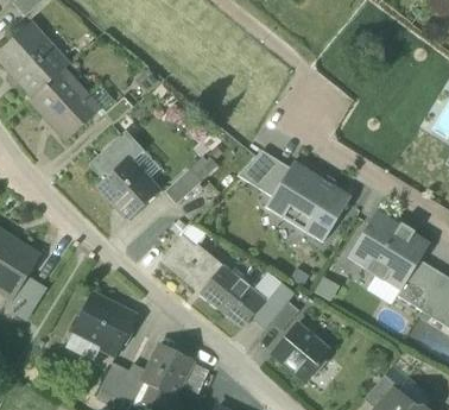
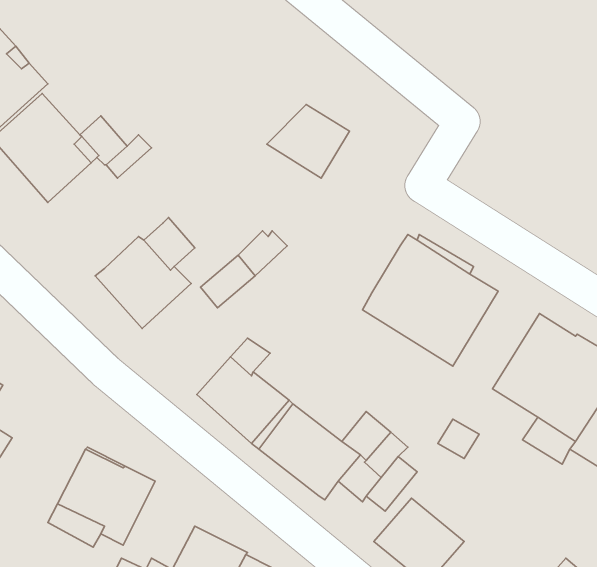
building: [90,134,140,181] -> none
building: [238,150,290,196] -> [267,105,350,178]

